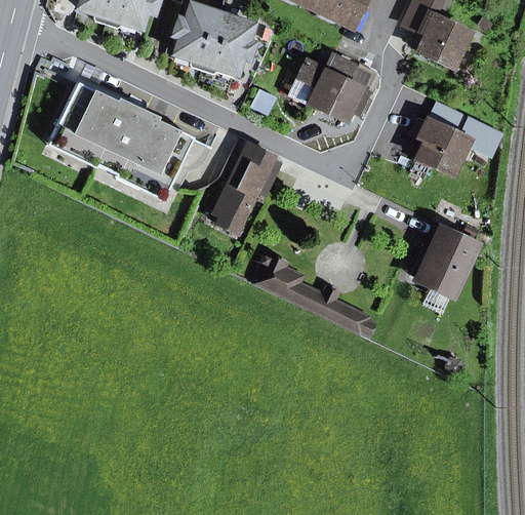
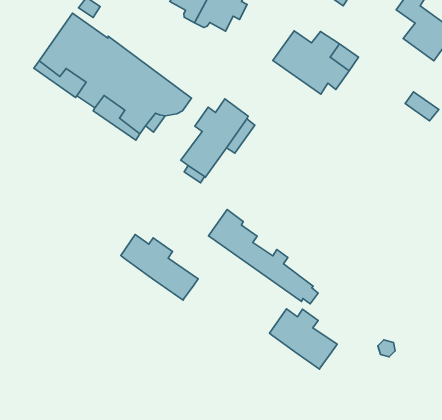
building: [417,120,469,173] -> none
building: [418,229,476,292] -> none
building: none -> [121,234,198,300]
building: none -> [270,309,337,369]

